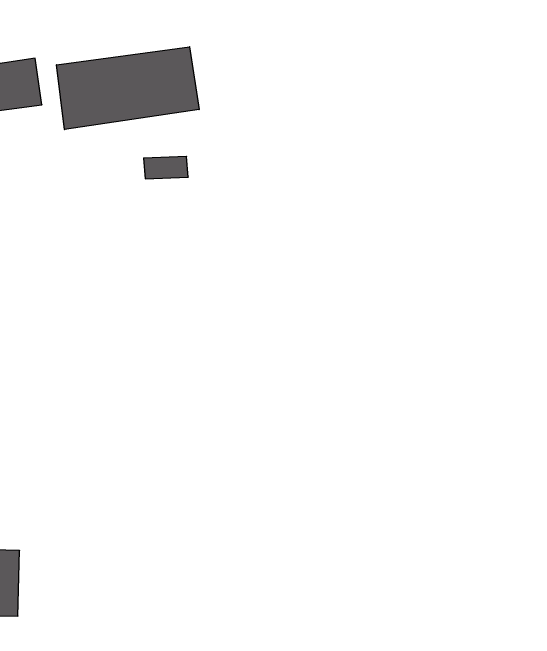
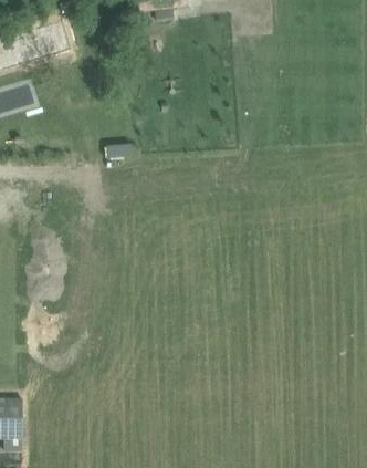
building: [57,47,199,130] -> none

